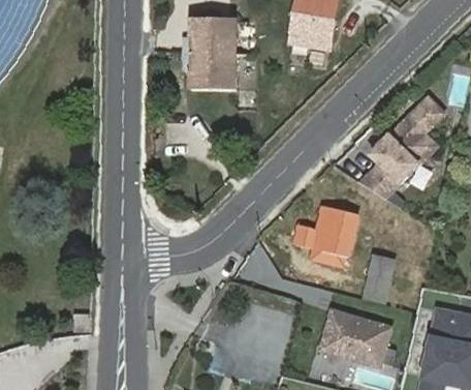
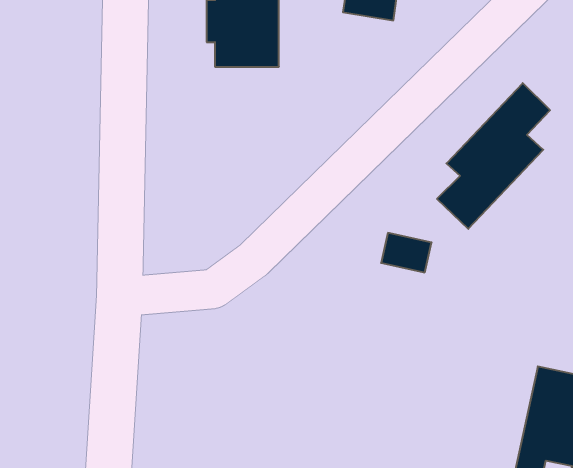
building: [294,227,352,266] -> none
building: [359,254,394,304] -> none
building: [315,308,391,369] -> none

